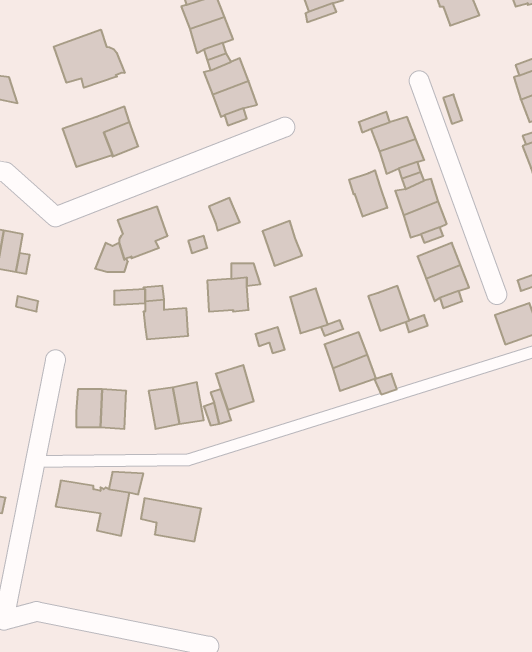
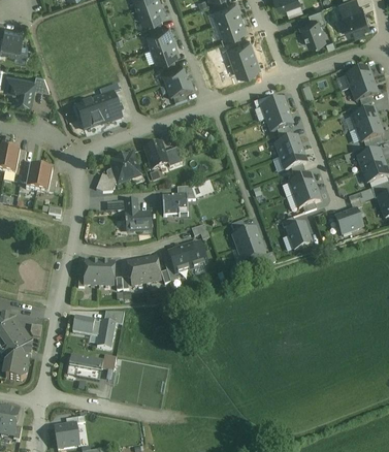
building: none -> [226,37,260,74]
building: [54,30,125,88] -> none
building: [349,170,387,217] -> none
building: [262,221,302,266] -> [143,140,167,167]
building: [368,286,410,331] -> [286,222,311,249]
building: [290,288,328,333] -> [184,240,206,267]
building: [141,498,201,541] -> [66,353,102,379]

